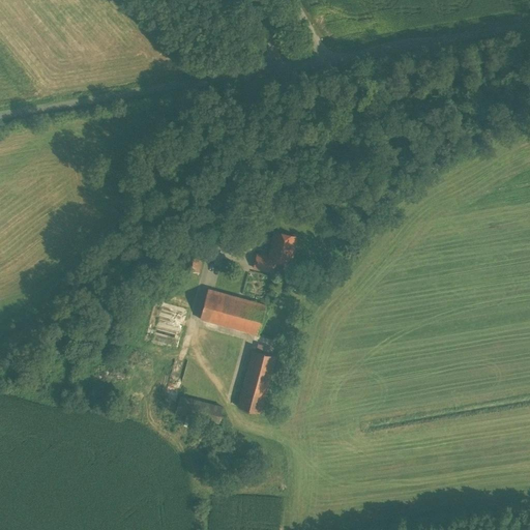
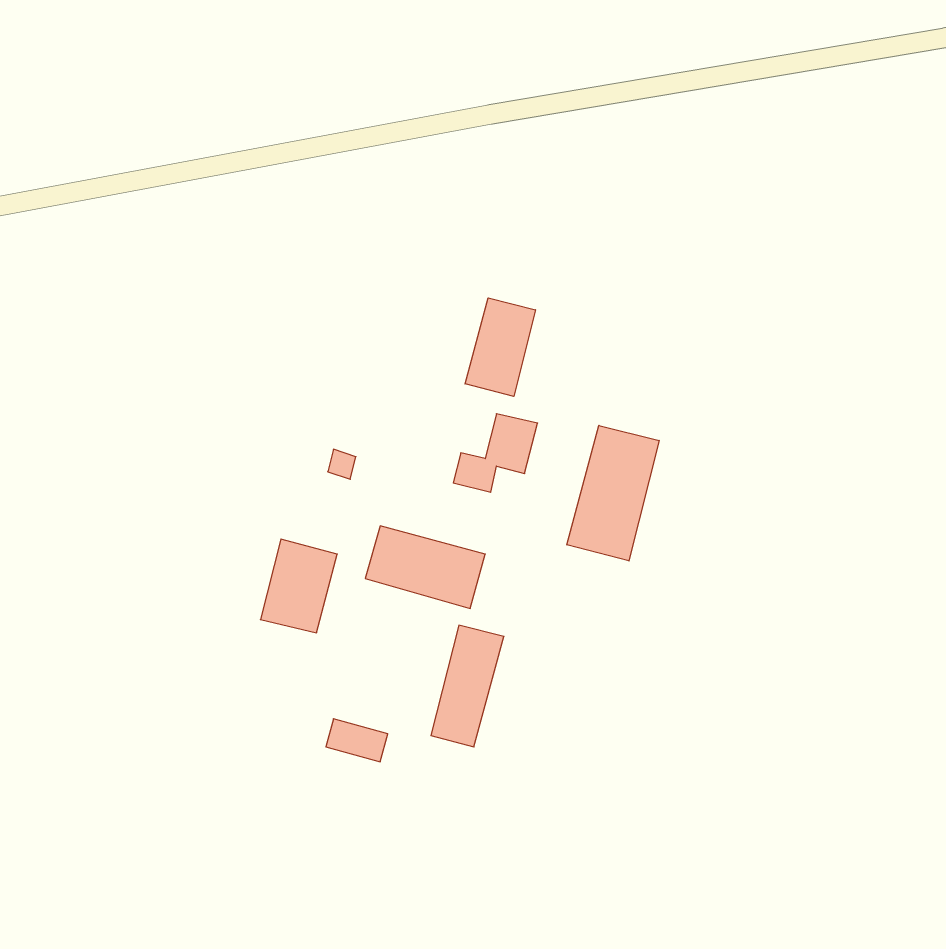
building: none -> [465,298,535,396]
building: none -> [567,425,659,561]

